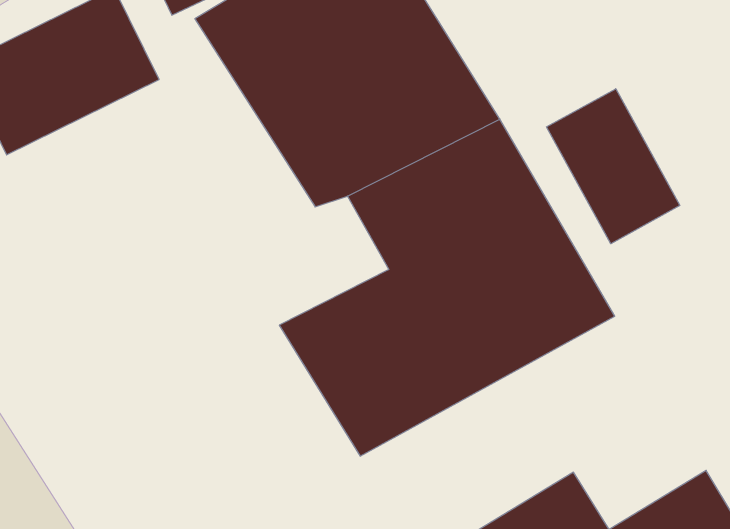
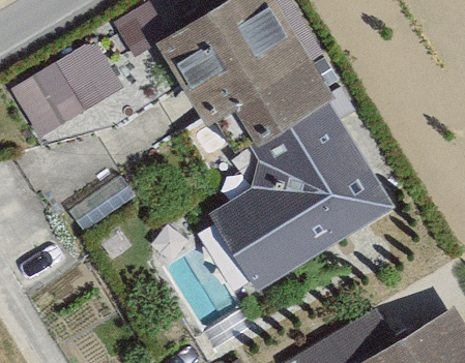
building: [547,89,680,244] -> none

